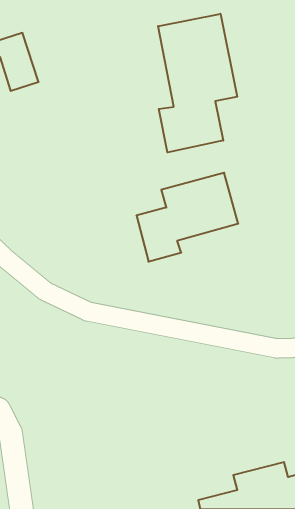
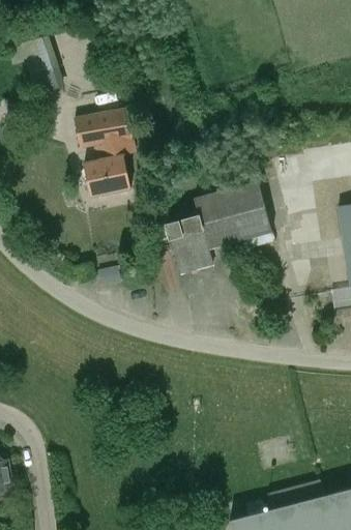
building: [158,14,237,152] -> none
building: none -> [75,108,136,197]

